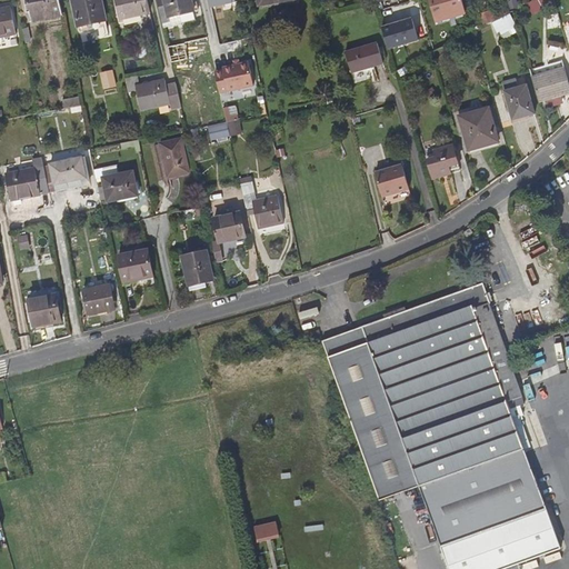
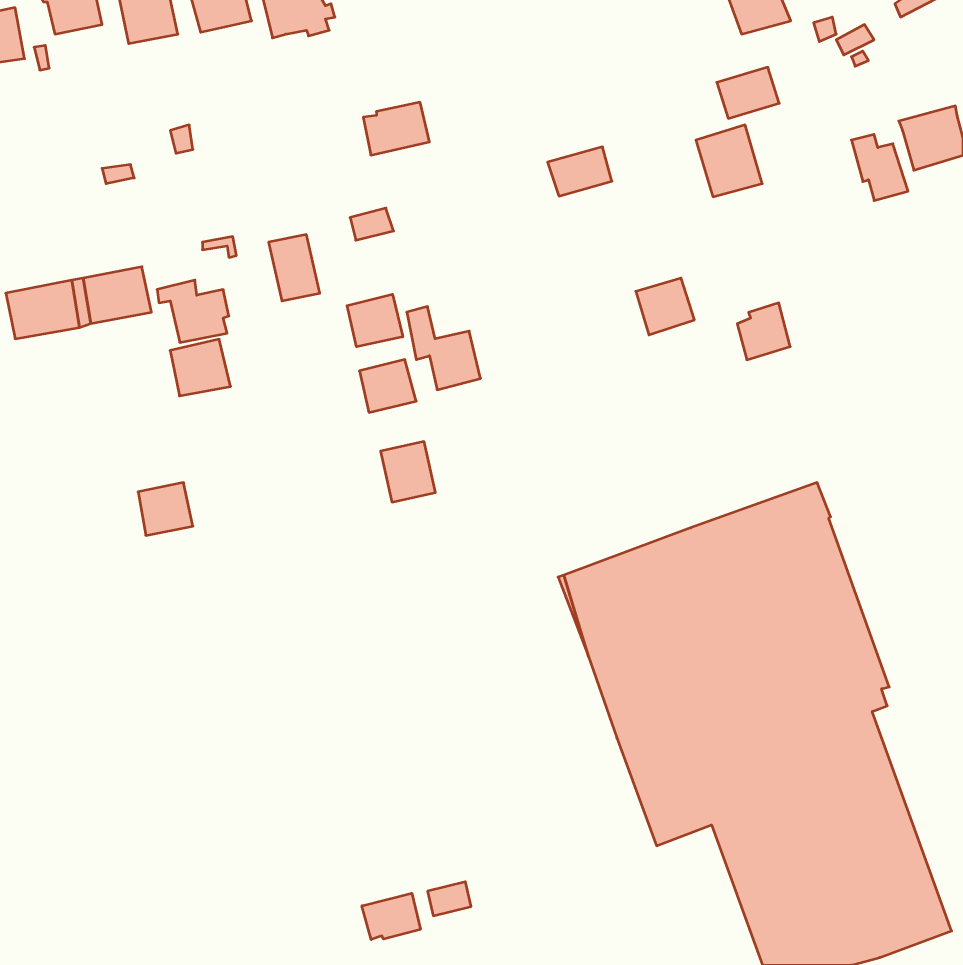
building: [380,19,417,49] -> [717,67,779,118]
building: [343,42,381,71] -> [548,147,612,196]
building: [122,73,179,109] -> none
building: [458,107,497,149] -> [696,125,762,197]
building: [426,144,457,178] -> [737,303,790,360]
building: none -> [347,294,403,347]
building: [117,248,152,281] -> [170,339,231,396]
building: [180,250,212,286] -> [381,442,435,502]
building: [27,293,60,325] -> none
building: none -> [362,893,420,940]

